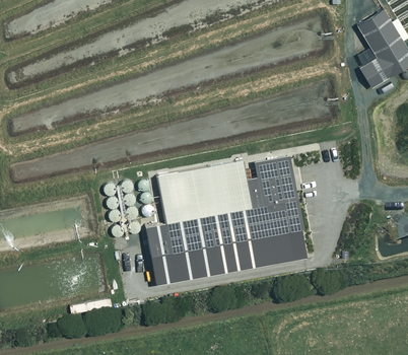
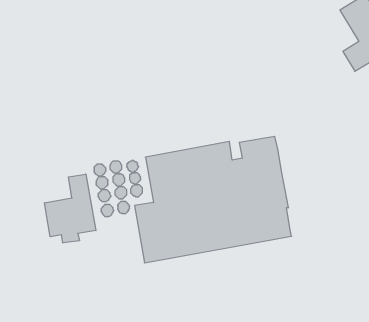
building: none -> [45,174,96,243]

